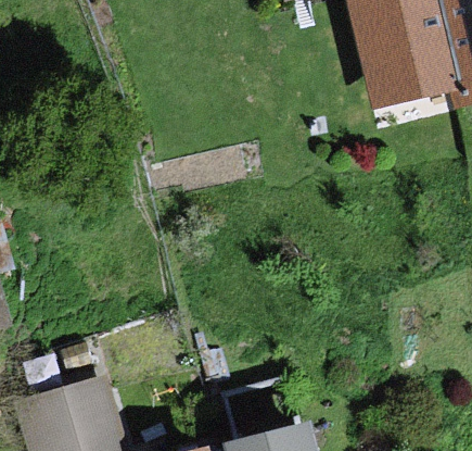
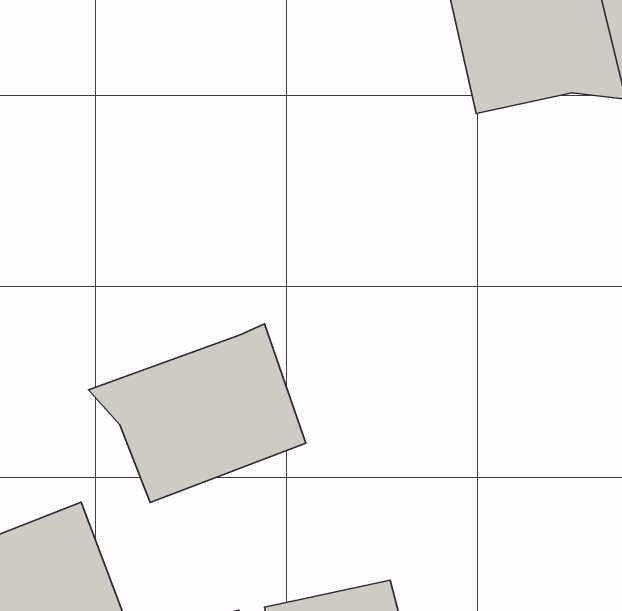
building: none -> [88,324,306,503]

